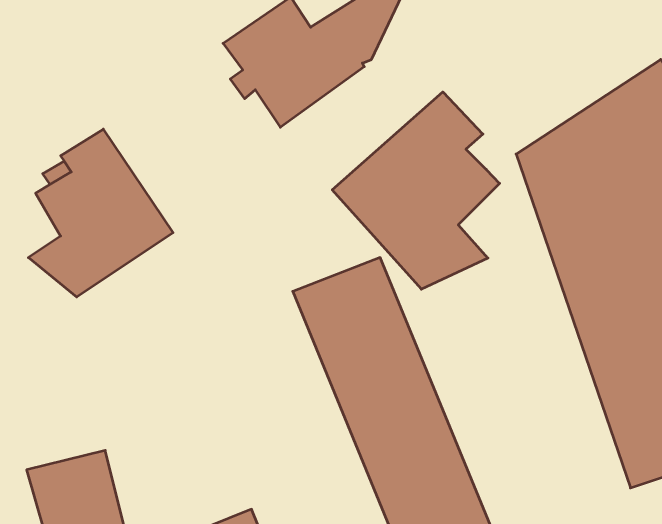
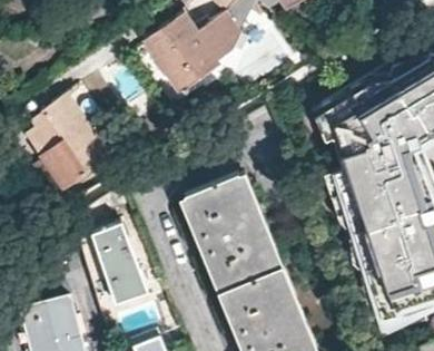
building: [332,92,500,289] -> none
building: none -> [92,217,147,298]

